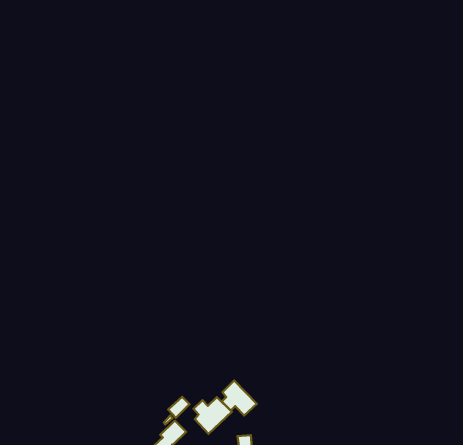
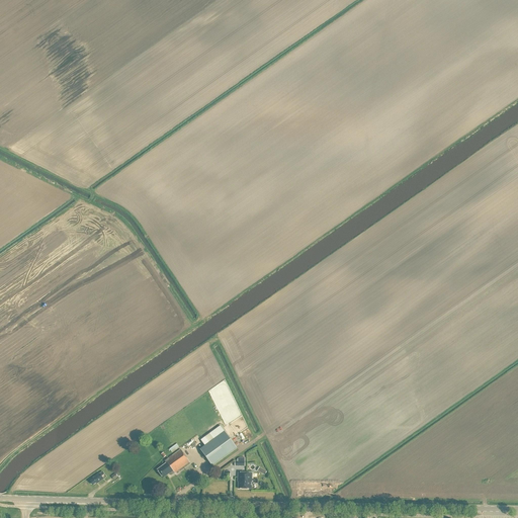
building: [222,380,257,415] -> none

